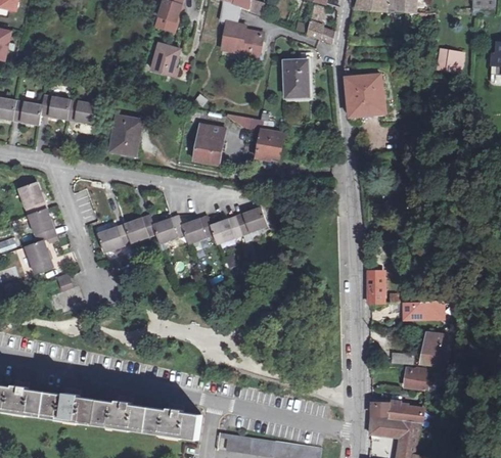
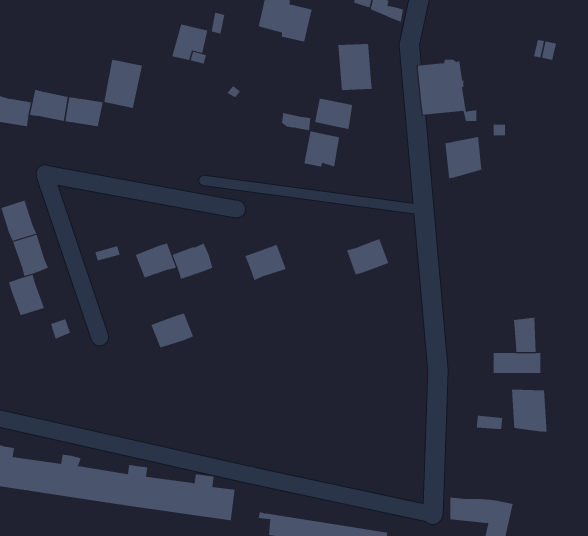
building: none -> [315,98,353,130]
building: [112,118,143,156] -> [104,59,143,109]
building: [193,123,225,163] -> none
building: none -> [445,136,482,179]
building: [234,209,268,237] -> [346,239,389,275]
building: [181,218,213,245] -> none
building: [96,226,130,254] -> [151,313,194,348]
building: [365,275,383,303] -> [513,317,537,352]
building: [404,370,435,390] -> none
building: [369,403,426,422] -> none

